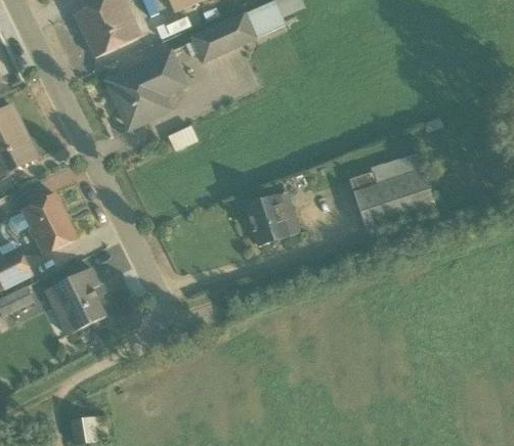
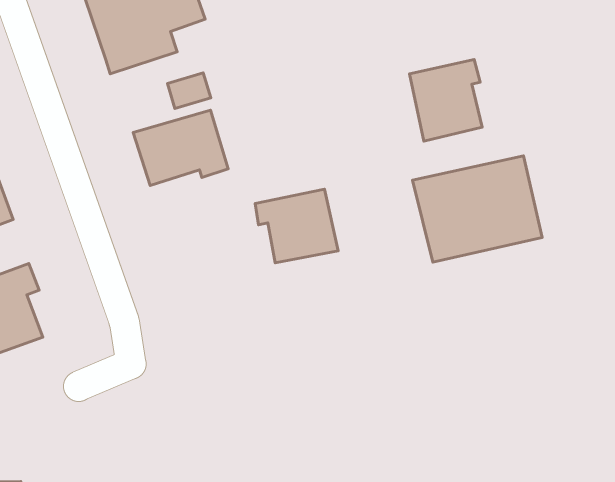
building: none -> [410,59,482,141]
building: none -> [133,110,228,185]

